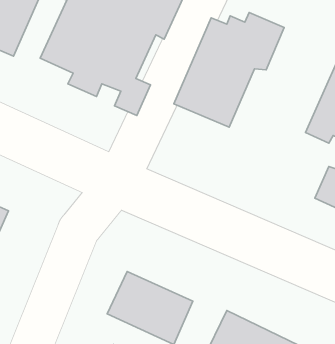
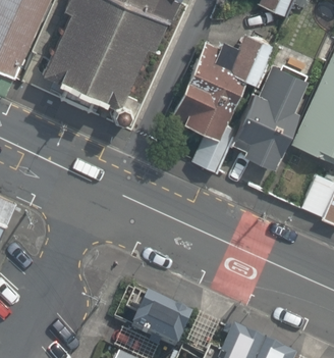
building: none -> [234,67,309,168]

